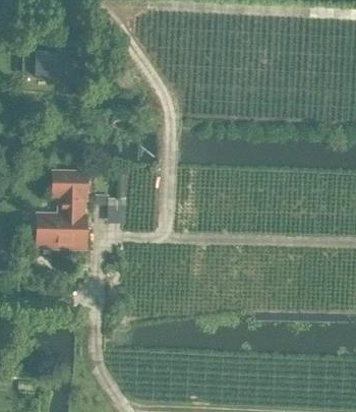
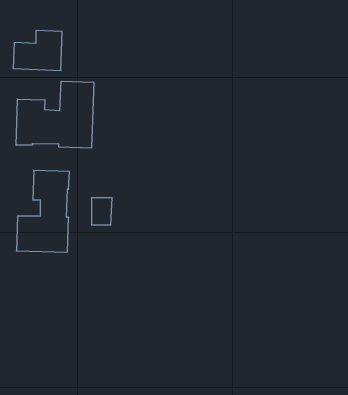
building: none -> [16,81,94,148]

